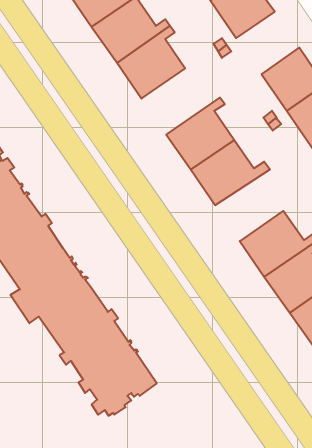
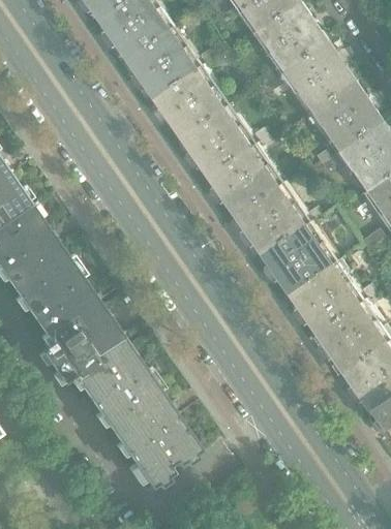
building: none -> [285,42,355,111]
building: none -> [182,104,268,177]
building: none -> [263,215,337,293]

